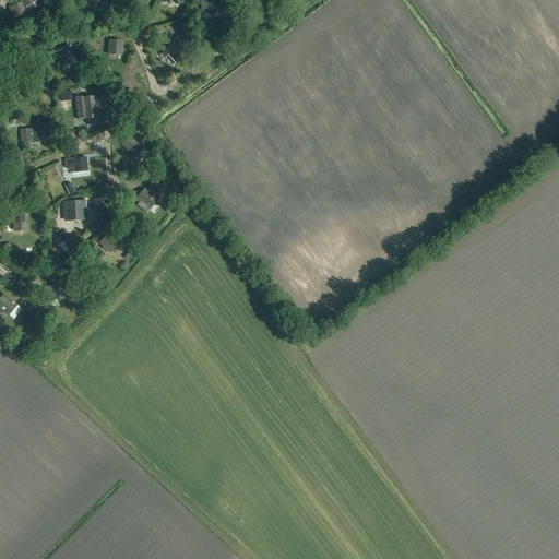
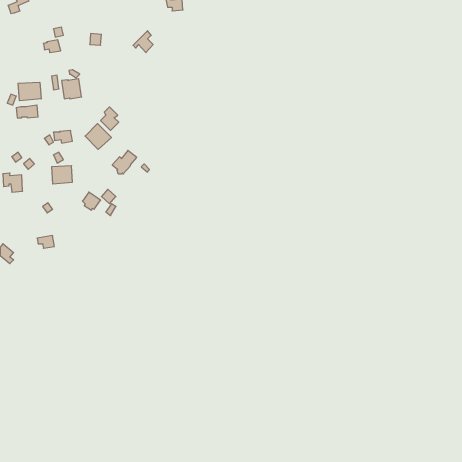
building: none -> [18,82,41,101]
building: none -> [85,124,111,149]

